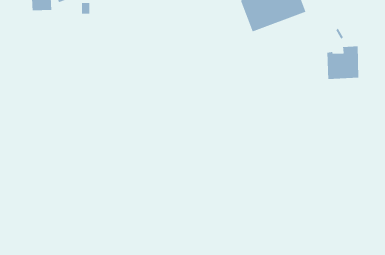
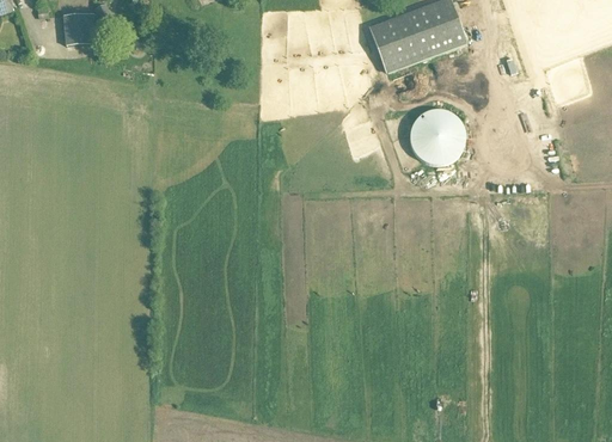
building: [327,46,359,80] -> [411,110,459,160]

